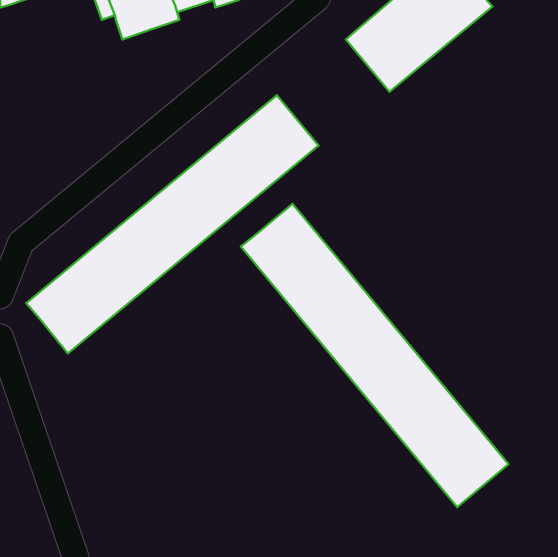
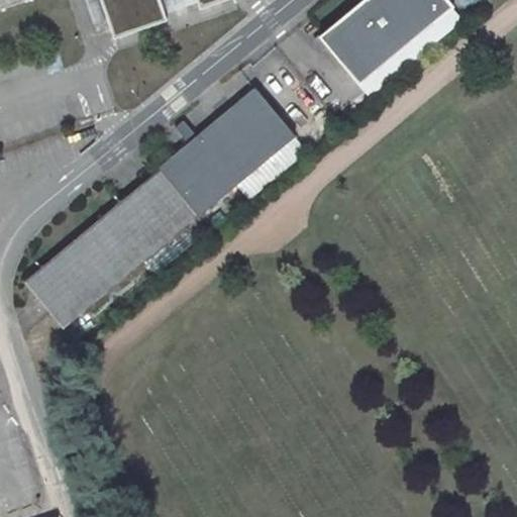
building: [241,204,509,507] -> none

